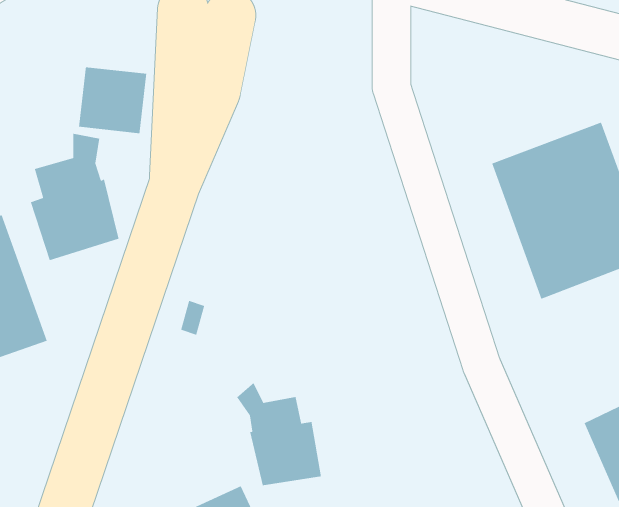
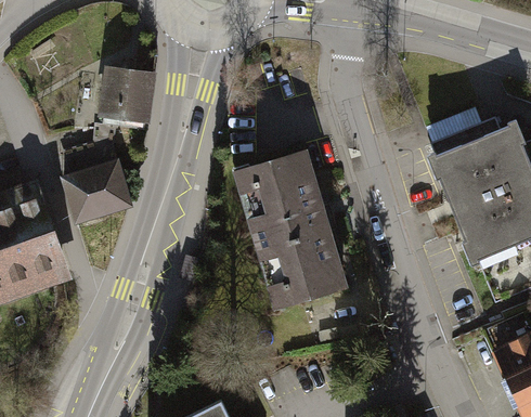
building: none -> [232,147,347,307]
building: [236,382,322,486] -> none

